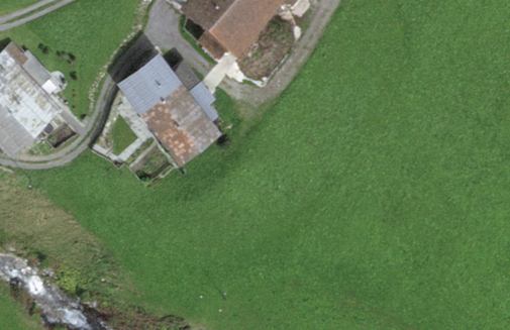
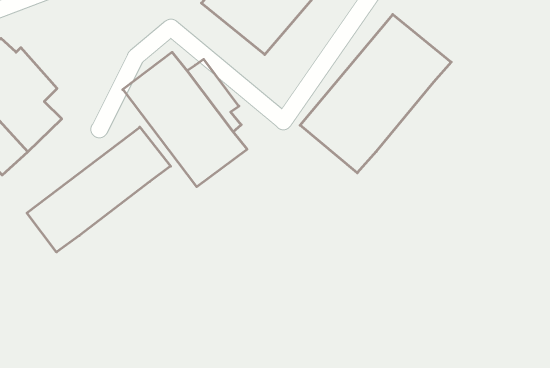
building: none -> [300,14,451,173]
building: none -> [27,127,171,252]

